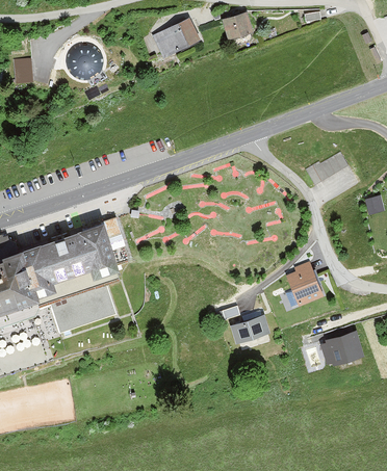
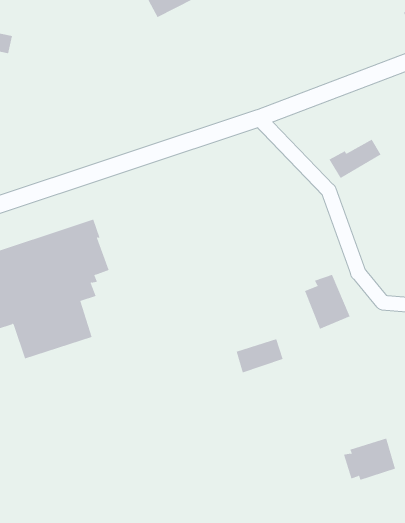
building: [69,48,99,78] -> none
building: [319,331,362,365] -> [343,438,396,480]

